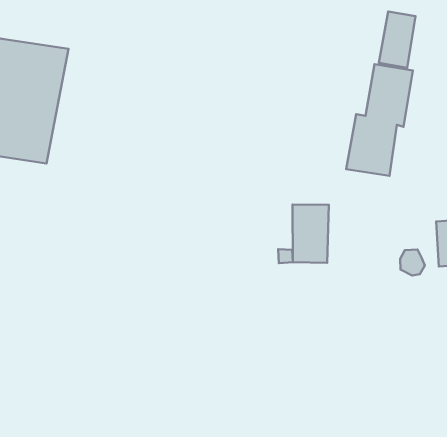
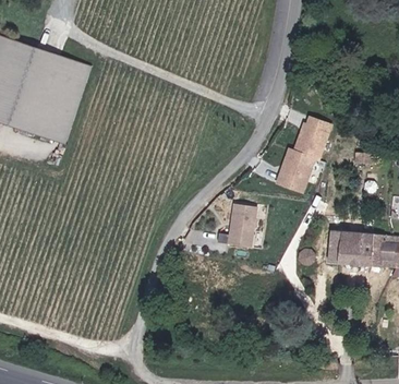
building: [379,12,416,68] -> none

